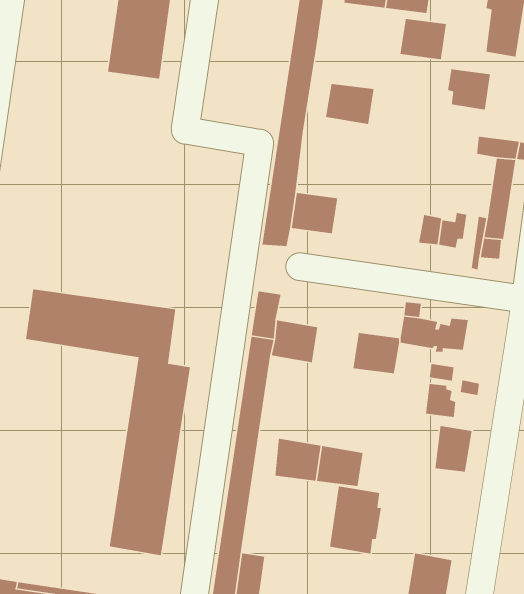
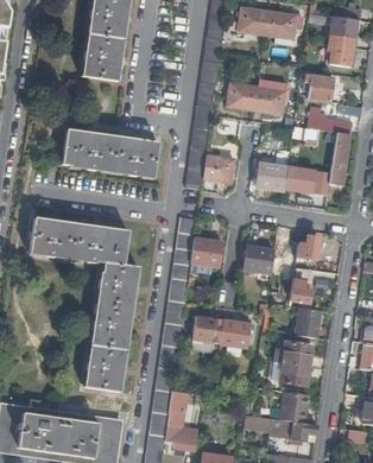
building: [400,18,447,60] -> [254,87,285,114]
building: none -> [62,131,157,178]
building: none -> [255,163,287,190]
building: [329,485,382,555] -> [277,340,311,385]

